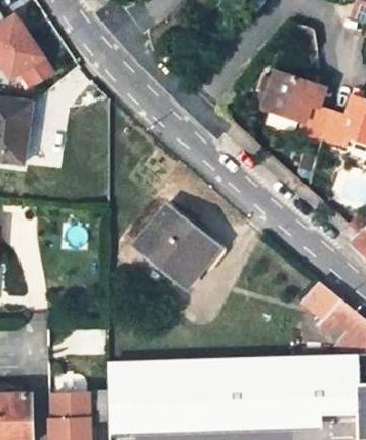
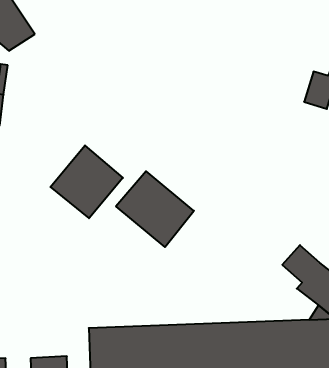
building: [261,71,330,138] -> none
building: none -> [50,145,123,218]

